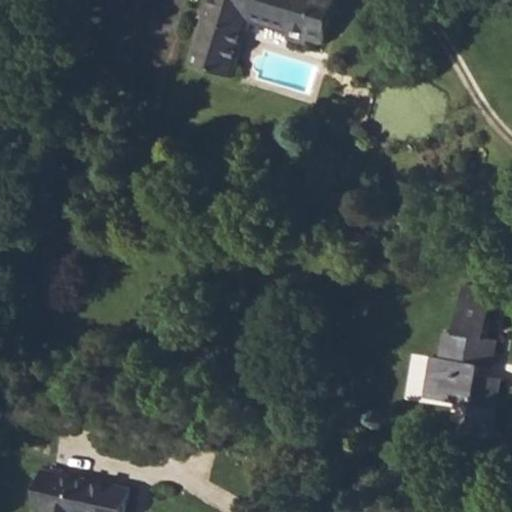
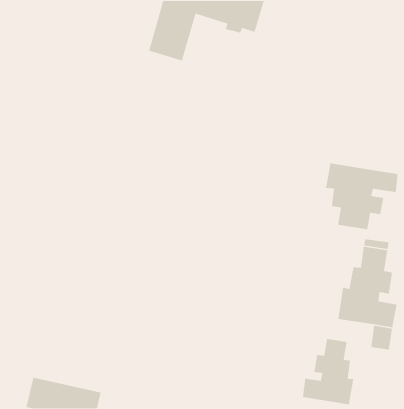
building: none -> [325,163,398,230]
building: none -> [302,338,354,405]

